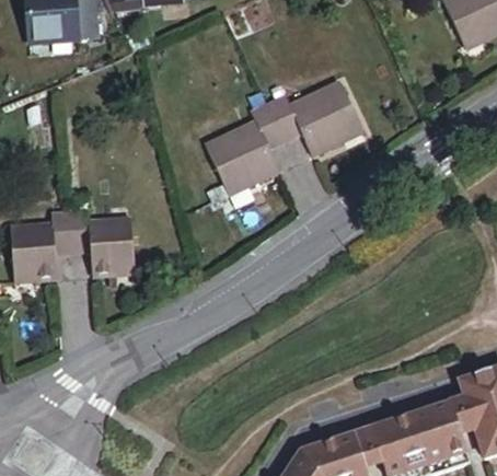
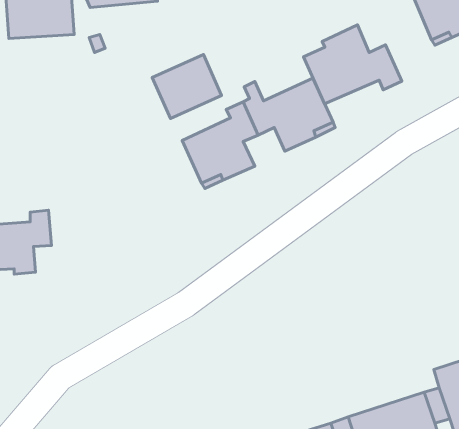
building: none -> [303,25,402,104]
building: none -> [152,55,222,119]
building: [68,204,135,278] -> none

